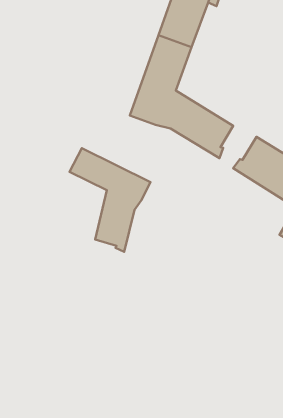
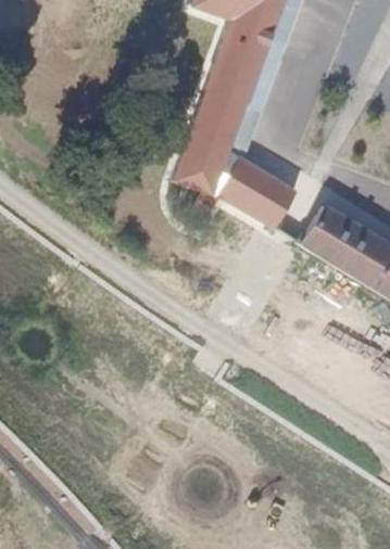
building: [70,148,151,252] -> none

